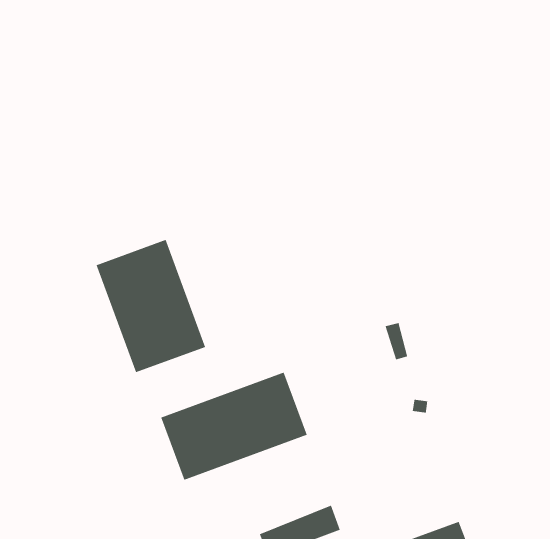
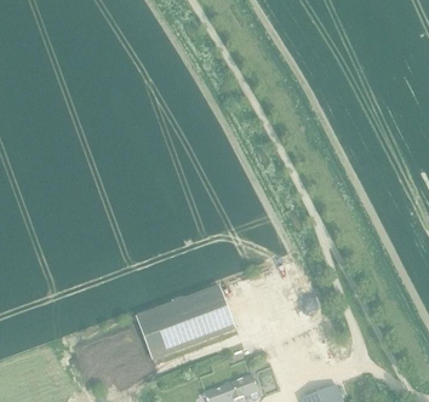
building: [96,239,206,373] -> none

